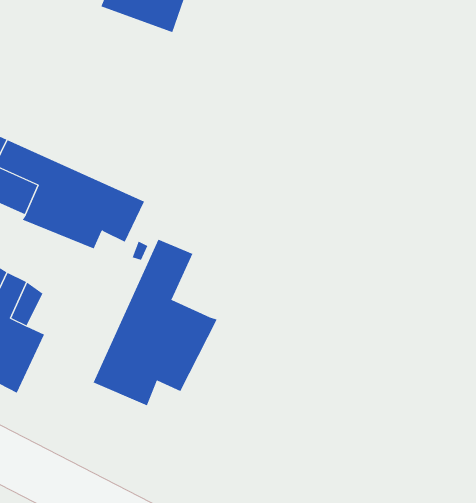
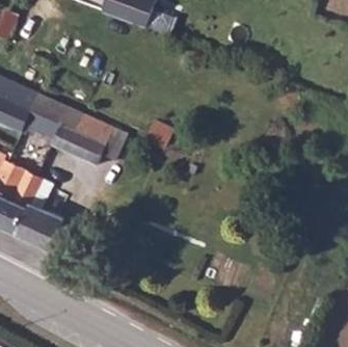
building: [93,239,217,406] -> none

